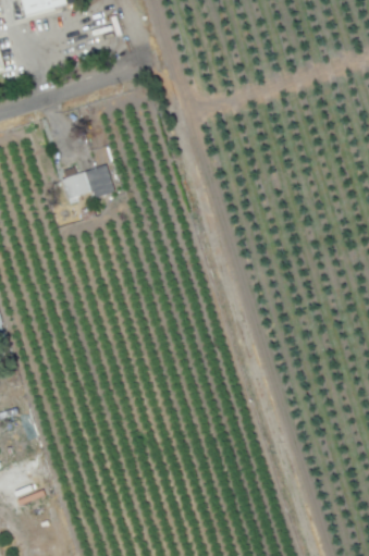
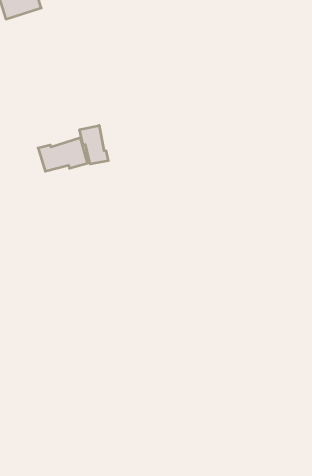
building: none -> [80,125,108,164]

